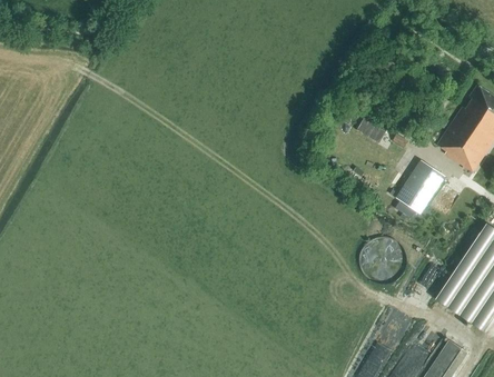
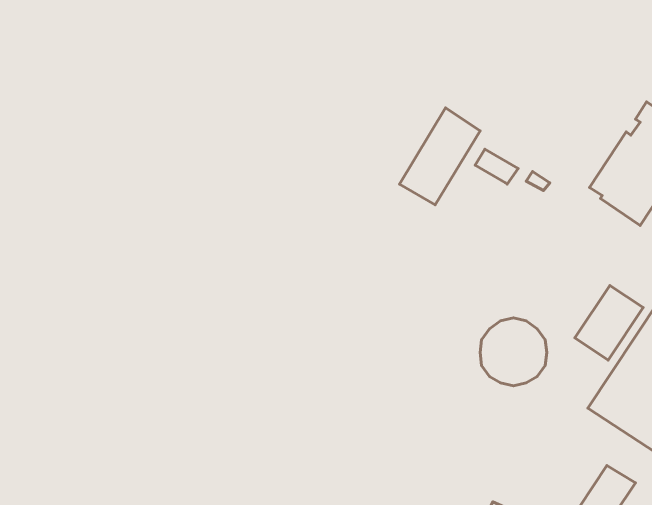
building: none -> [400,108,480,205]
building: [396,160,444,212] -> [575,285,643,360]

